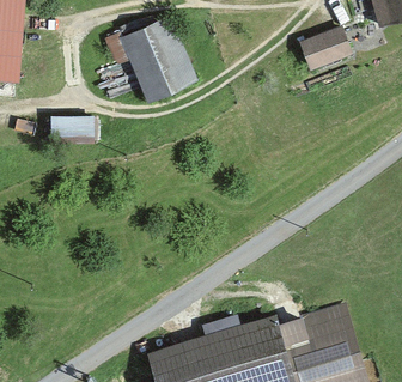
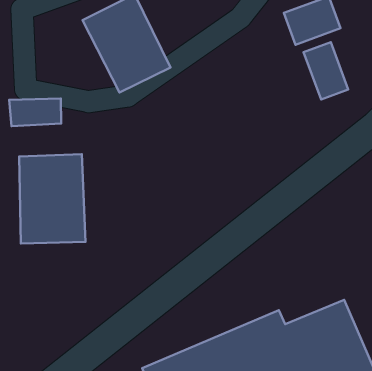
building: none -> [304,42,348,100]
building: none -> [19,154,85,243]

